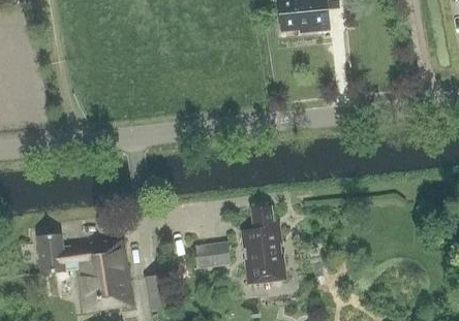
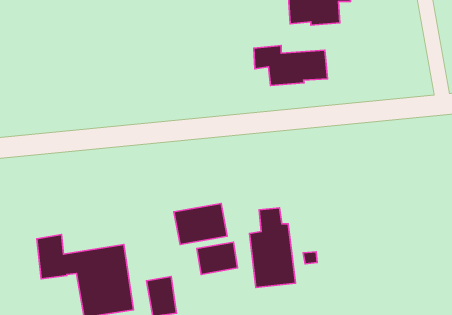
building: none -> [254,46,327,85]
building: none -> [174,203,227,244]

